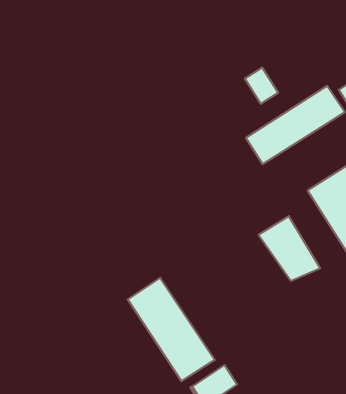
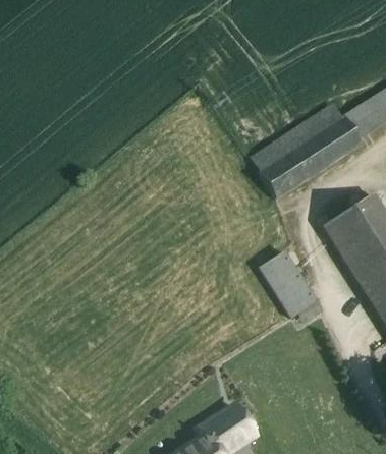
building: [245,67,278,104] -> none
building: [128,278,215,381] -> none

